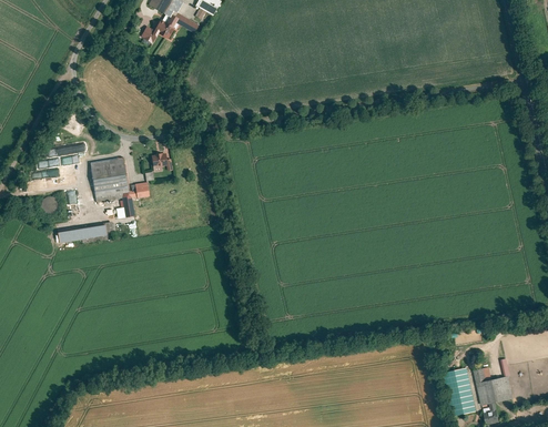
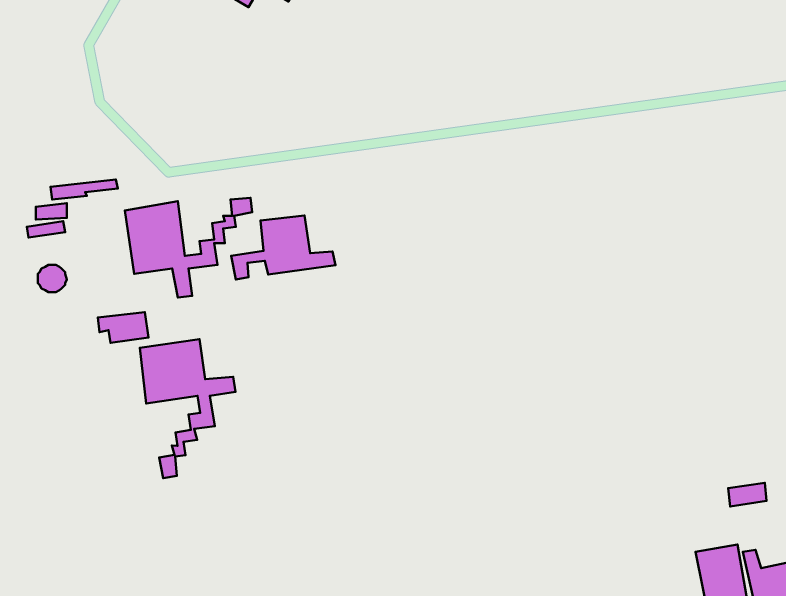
building: none -> [231,215,335,279]
building: none -> [140,339,235,478]

